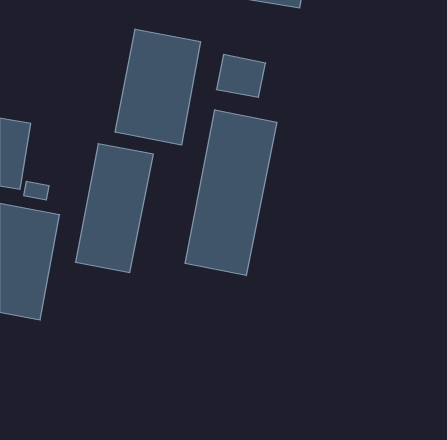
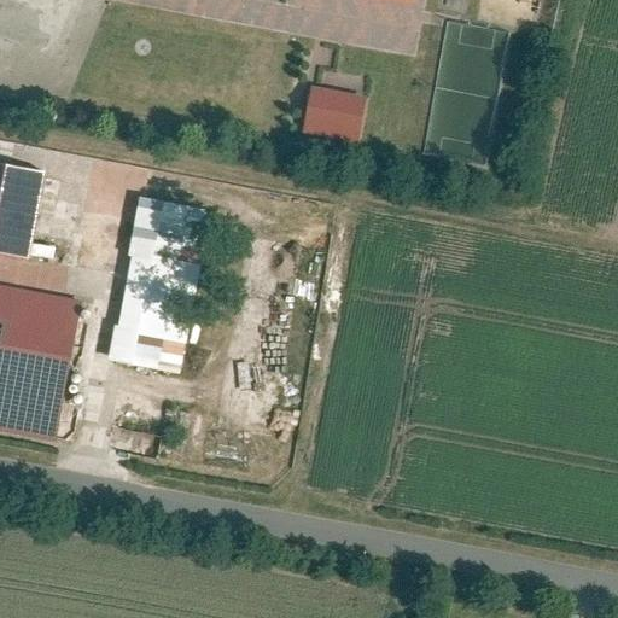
building: [115,29,200,145] -> none
building: [185,110,277,276] -> none

